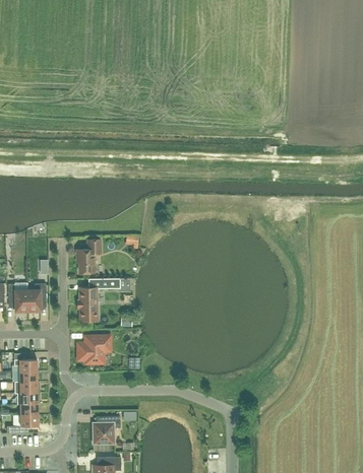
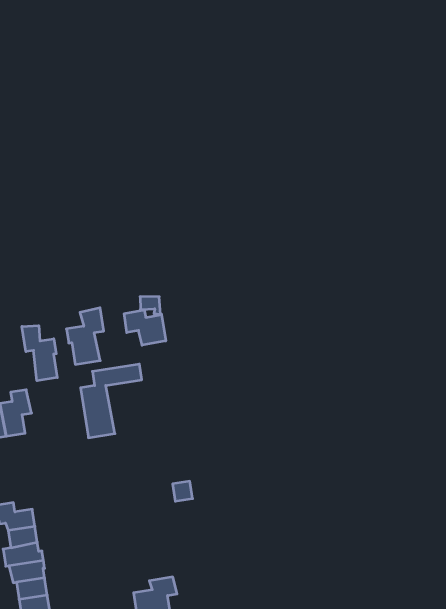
building: none -> [22,326,57,381]
building: none -> [124,310,166,345]
building: [77,336,109,362] -> none

